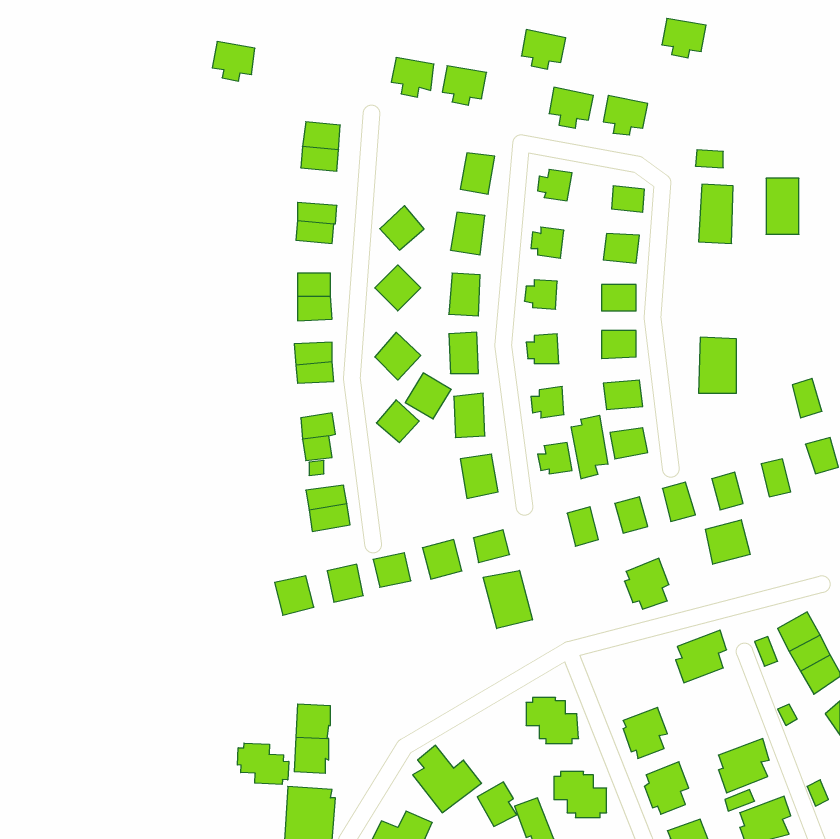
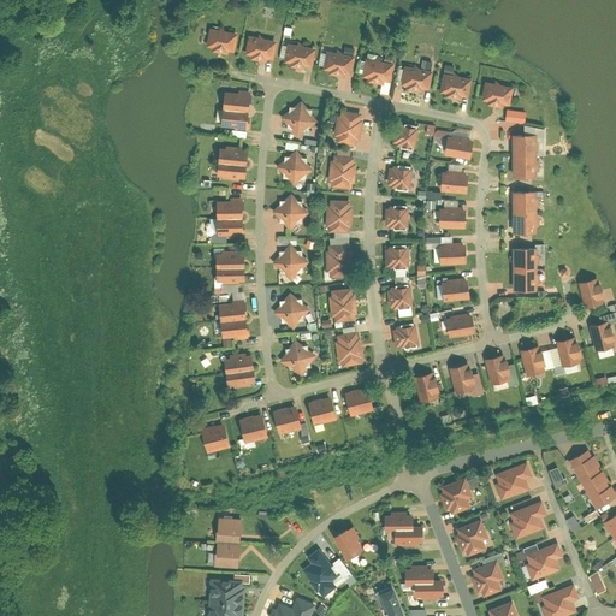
building: [662,18,706,58] -> [481,82,514,111]
building: [521,30,566,69] -> [365,55,397,84]
building: [212,42,255,81] -> [206,28,237,57]
building: none -> [245,35,278,65]
building: none -> [284,102,316,135]
building: [766,178,799,234] -> [514,192,538,233]
building: [405,373,451,419] -> [283,342,316,375]
building: [571,415,608,479] -> none
building: [705,520,750,564] -> none
building: [624,558,669,609] -> [439,476,472,514]
building: [483,570,532,629] -> none
building: none -> [510,500,547,539]
building: [237,743,289,784] -> none
building: [477,782,517,826] -> [334,523,363,556]

